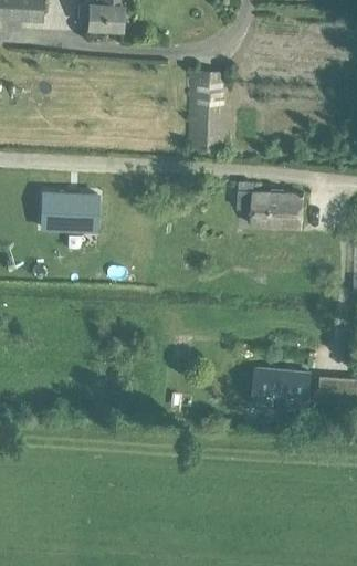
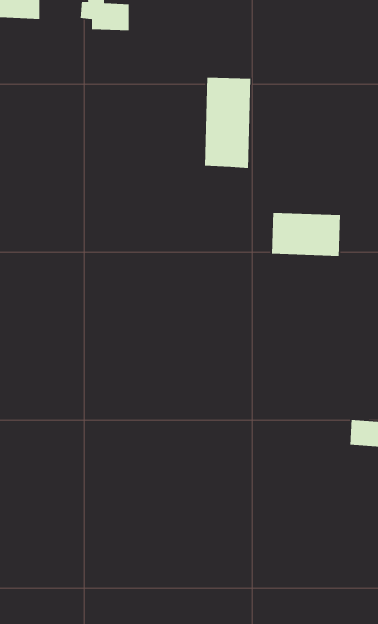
building: [39,191,95,230] -> none
building: [254,366,312,408] -> none

